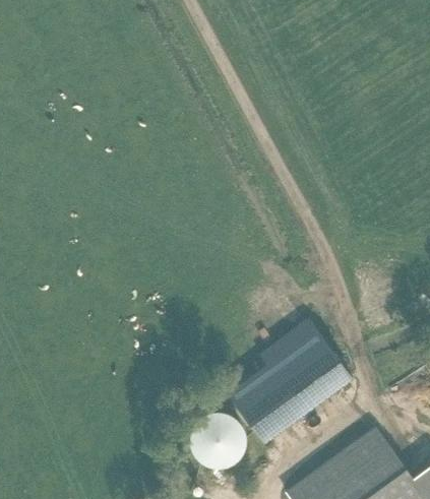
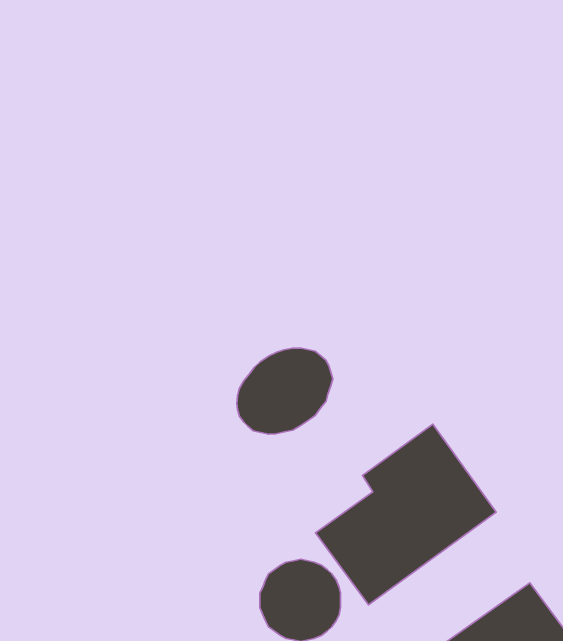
building: none -> [237,348,333,434]

